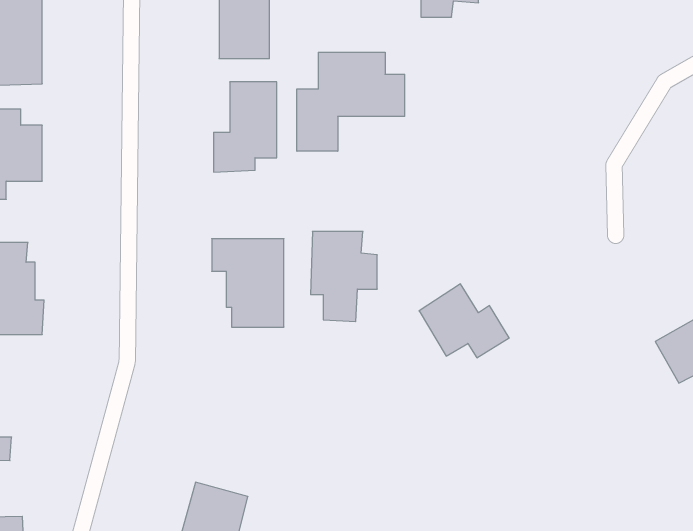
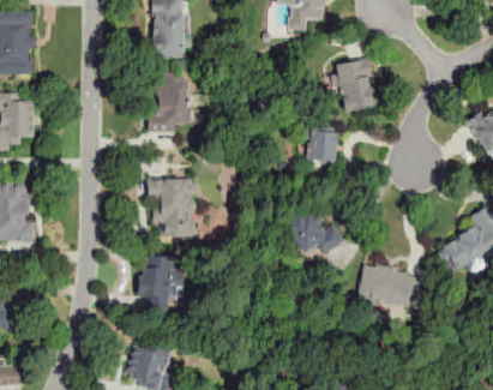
building: [297,52,405,151] -> none
building: none -> [335,58,378,112]
building: none -> [303,128,339,166]
building: [311,231,377,322] -> [138,254,182,314]
building: none -> [357,264,425,310]

